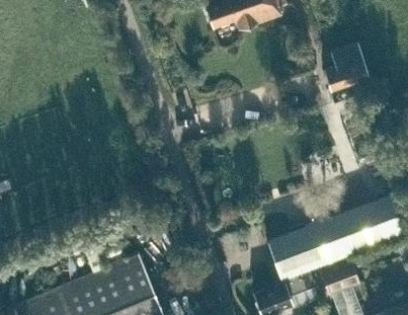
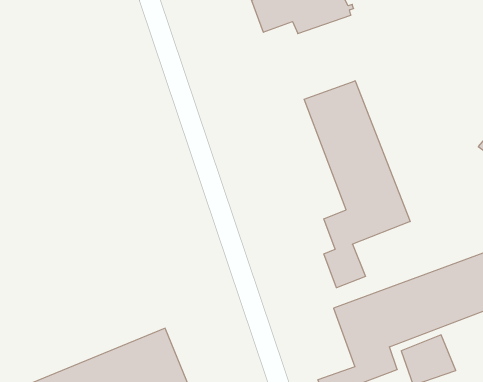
building: [323,44,369,92] -> none
building: none -> [304,81,410,288]

